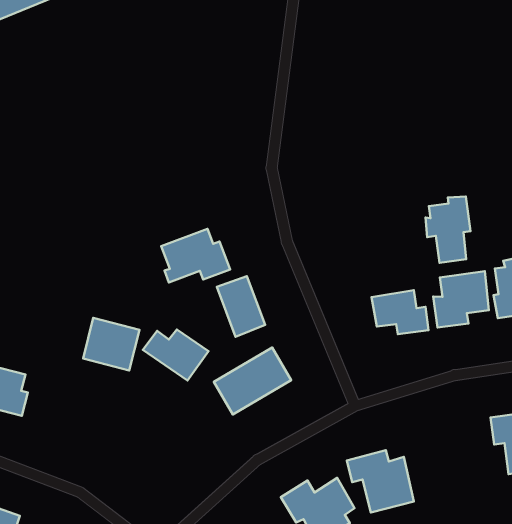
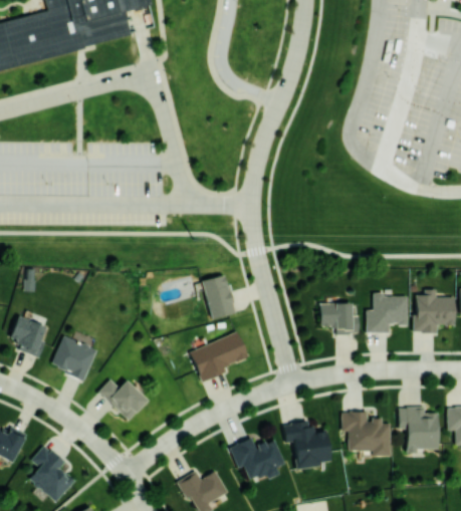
building: [425,197,470,263] -> none
building: [161,229,230,282] -> none
building: [83,318,139,371] -> [51,335,97,379]
building: [143,329,209,380] -> [97,378,148,420]
building: none -> [341,412,391,456]

